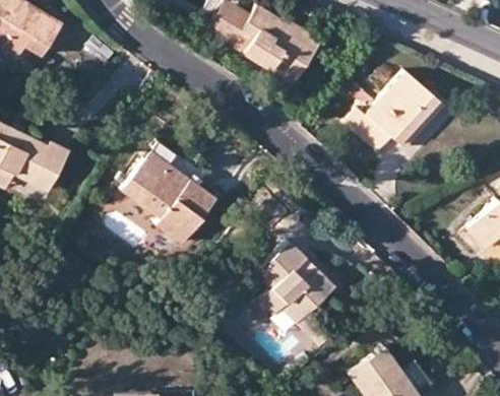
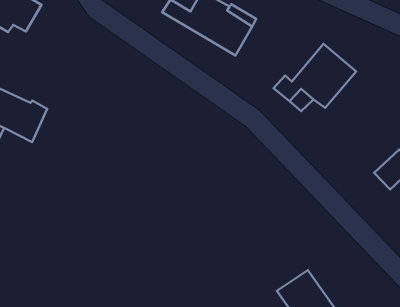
building: [121,133,215,243] -> none
building: [256,240,333,322] -> none

